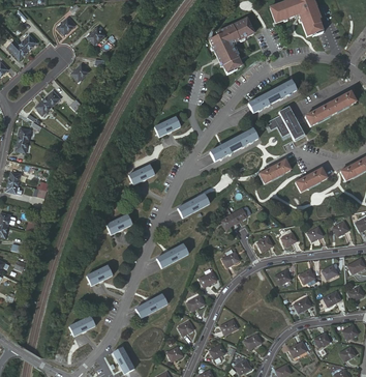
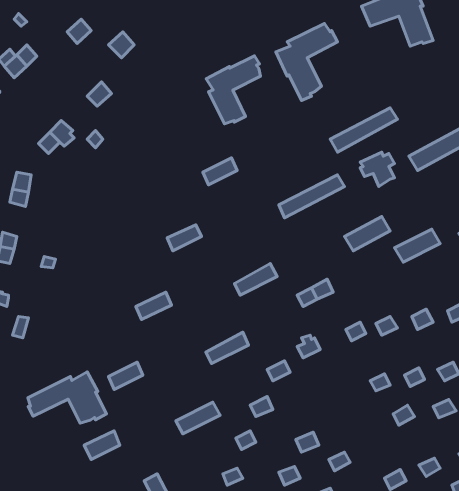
building: none -> [206,56,261,124]
building: none -> [28,372,106,423]

